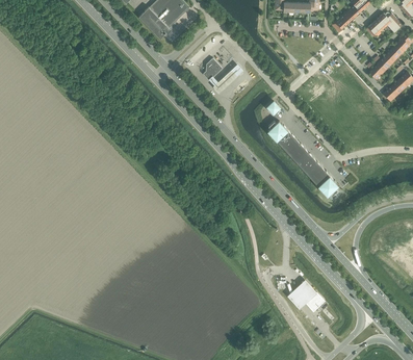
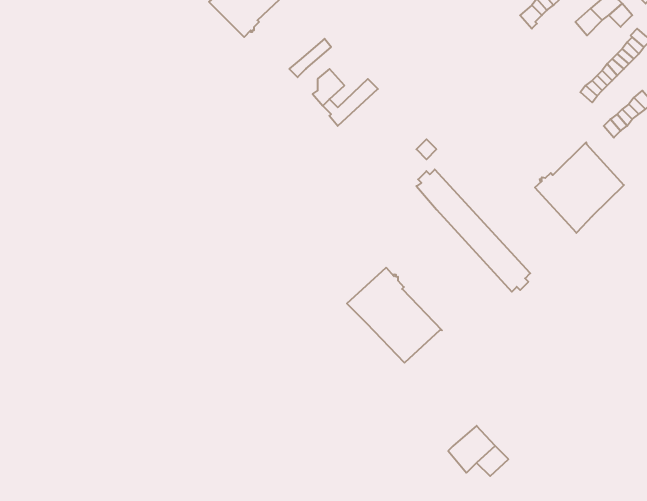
building: none -> [535,142,624,233]
building: none -> [347,268,442,363]

